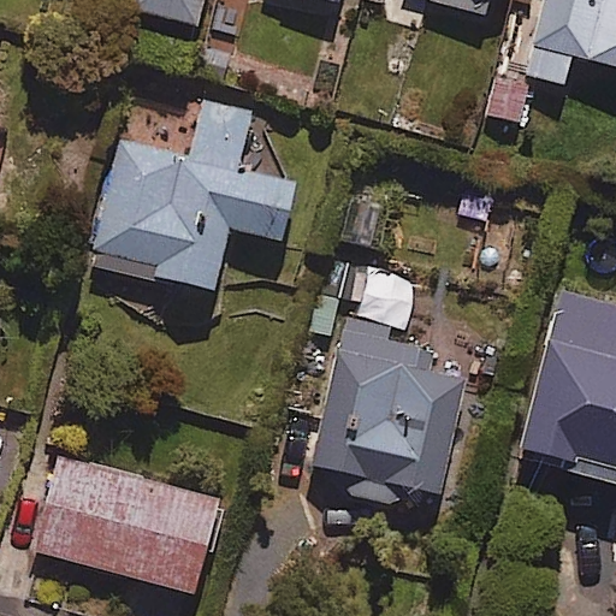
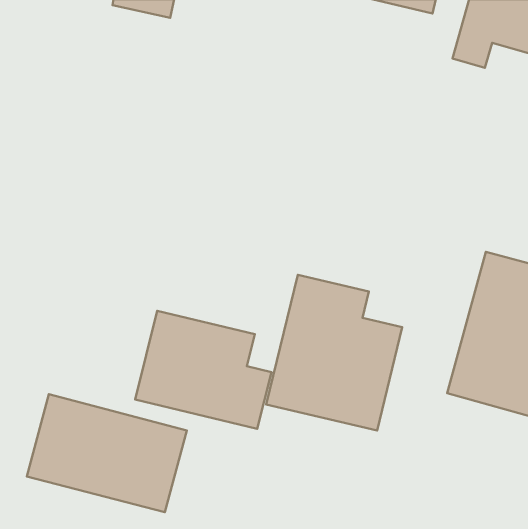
building: [91,100,292,289] -> none
building: none -> [135,311,272,429]

